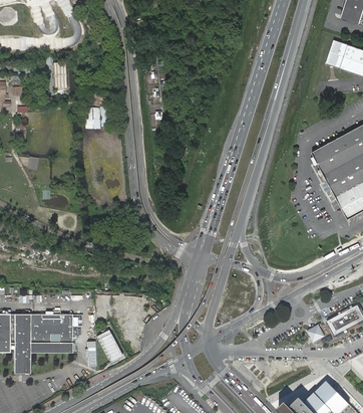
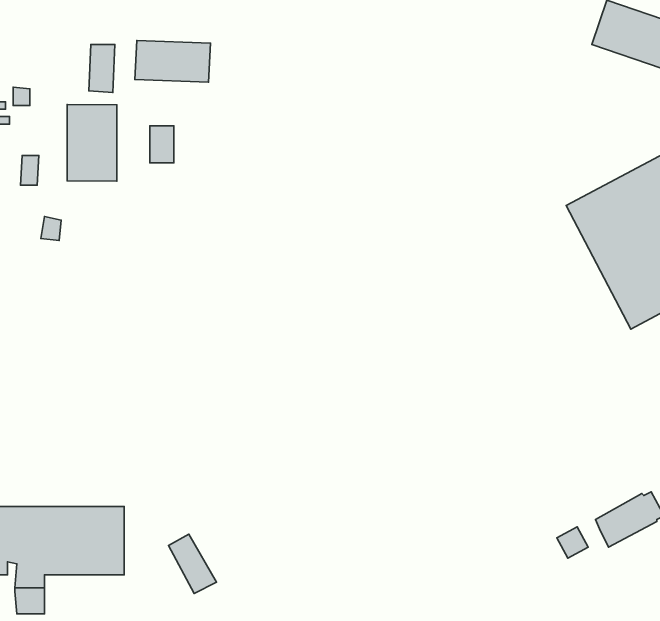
building: none -> [135,40,210,82]
building: none -> [67,105,117,181]

